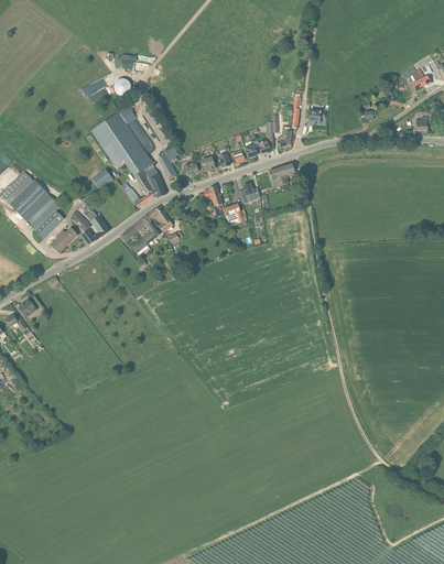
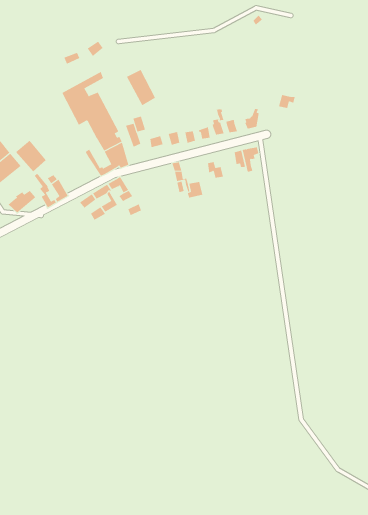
building: none -> [126,69,156,106]
building: none -> [15,140,47,172]

